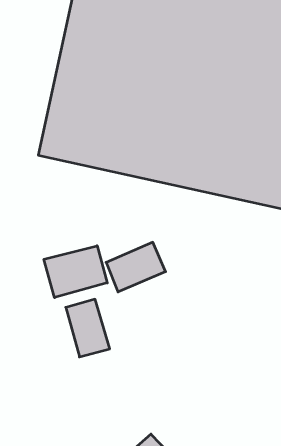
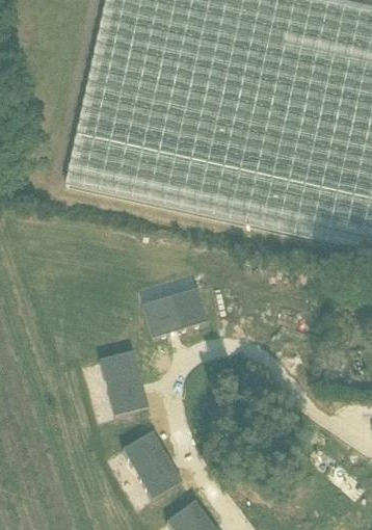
building: [44,246,107,298] -> none
building: none -> [122,429,182,497]

